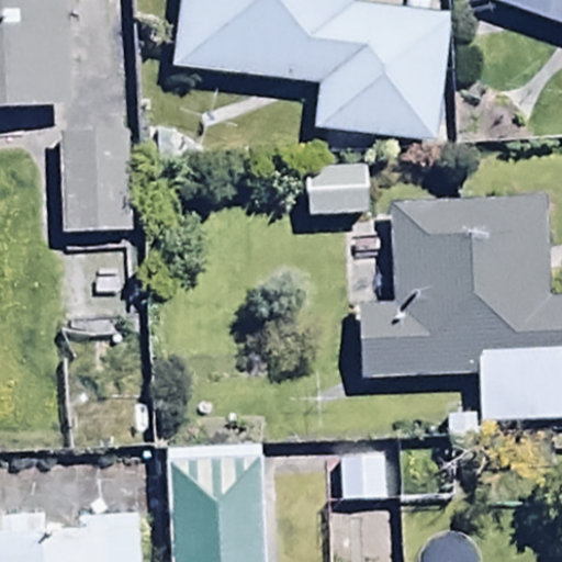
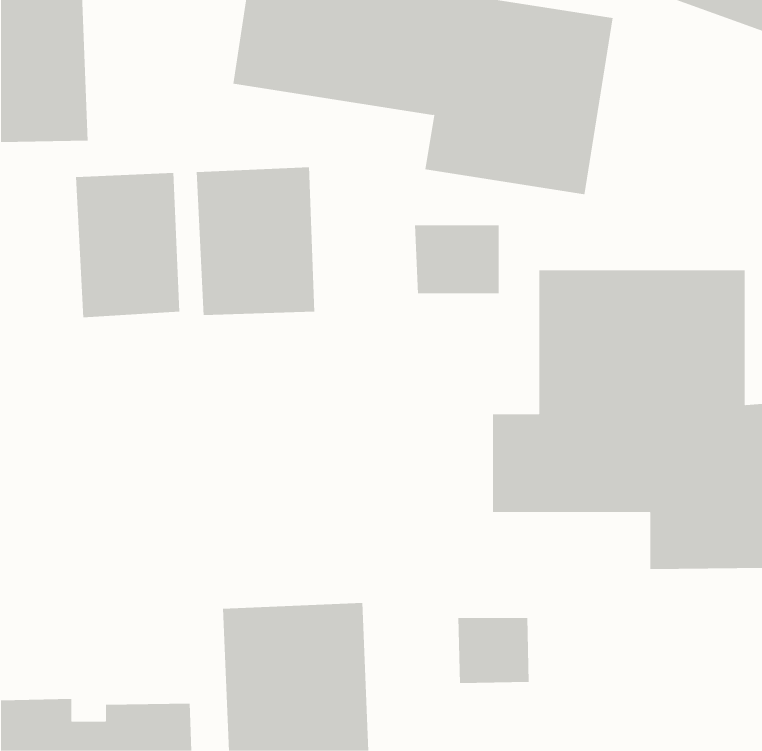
building: none -> [196,166,315,316]

